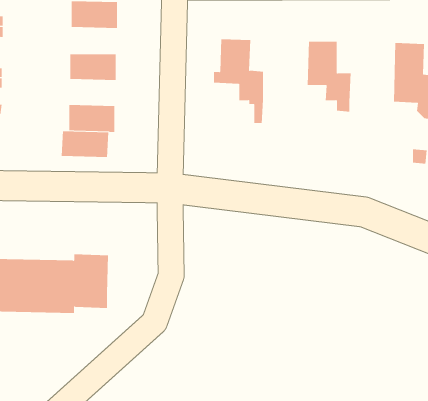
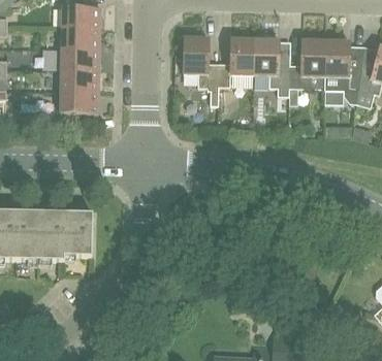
building: none -> [61,27,100,48]
building: none -> [219,37,255,86]
building: none -> [289,39,325,88]
building: [61,131,109,158] -> [60,69,99,91]

